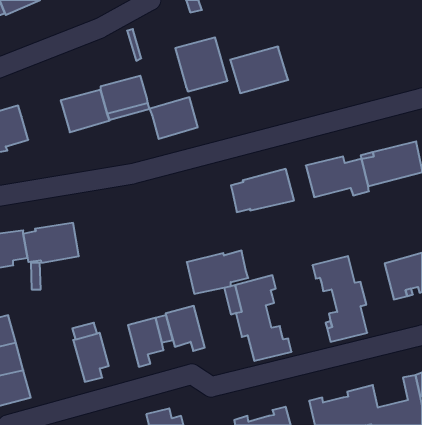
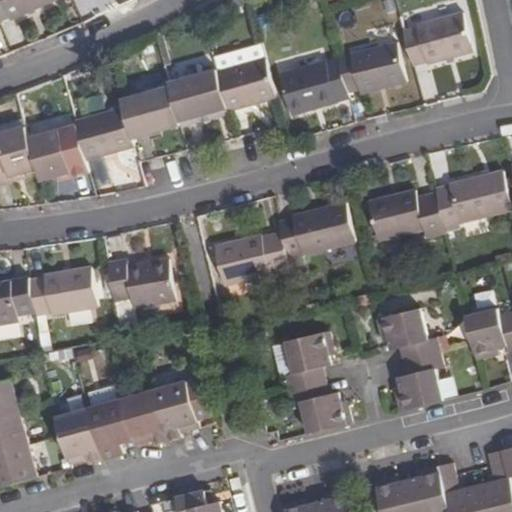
building: none -> [401,12,471,64]
building: none -> [335,40,404,91]
building: [150,97,198,139] -> [166,69,224,119]
building: none -> [26,127,88,182]
building: none -> [107,259,175,307]
building: [187,251,248,294] -> [214,231,288,283]
building: [166,306,205,351] -> [120,391,167,445]
building: none -> [55,409,102,463]

